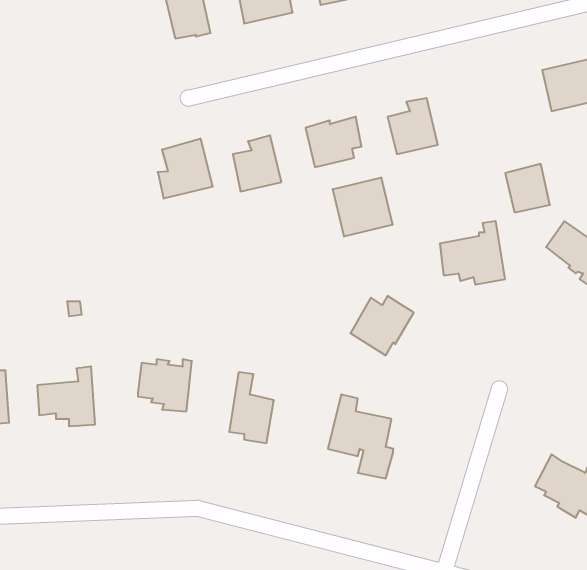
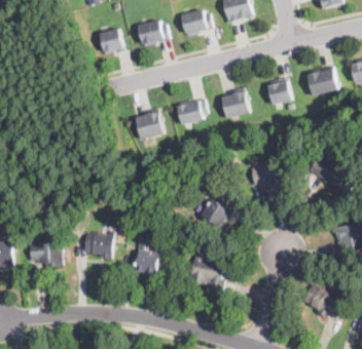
building: [158,138,213,199] -> none
building: [505,164,550,212] -> [266,78,291,105]
building: [333,177,392,237] -> none

